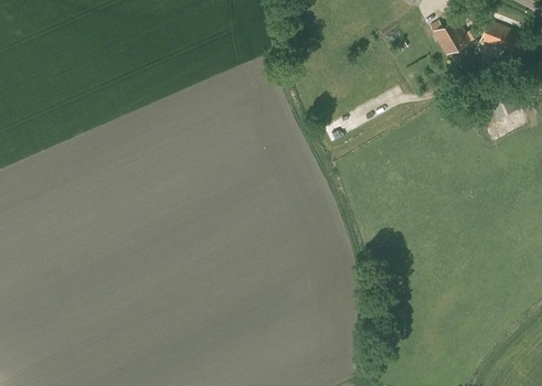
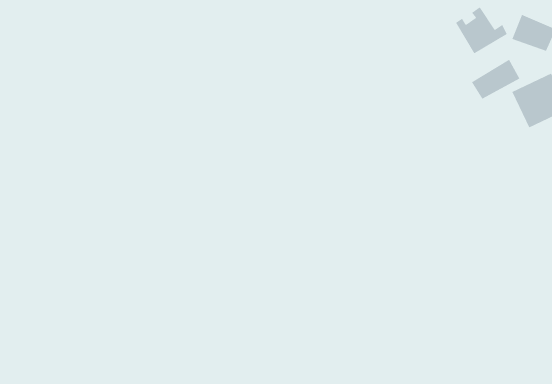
building: none -> [471,59,520,99]

